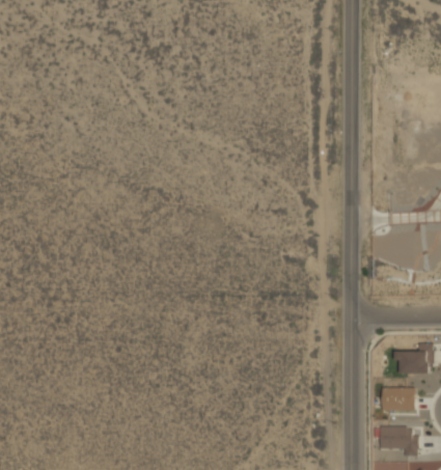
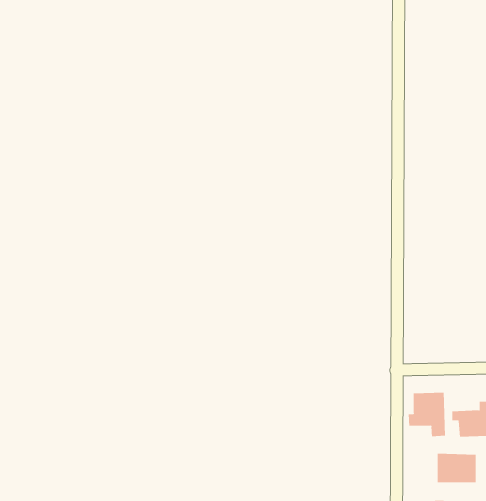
building: none -> [408,392,446,437]

